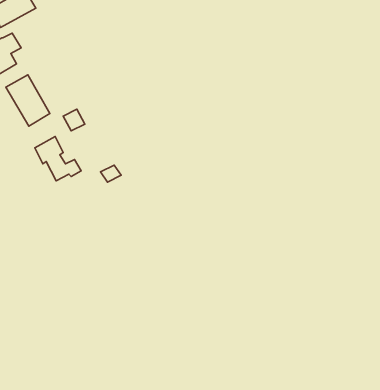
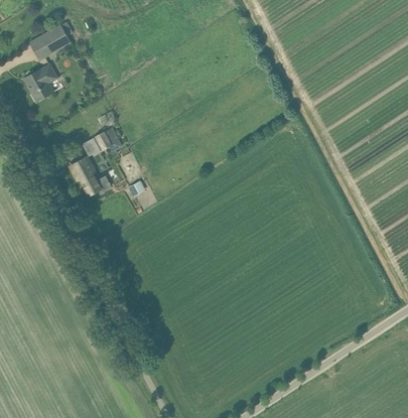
building: [6,75,50,126] -> none

